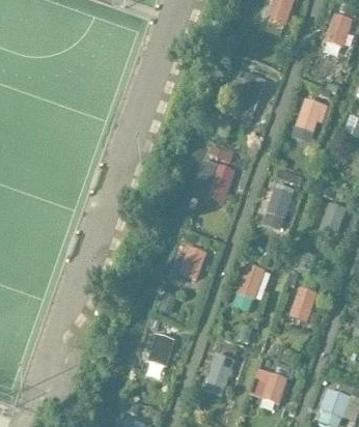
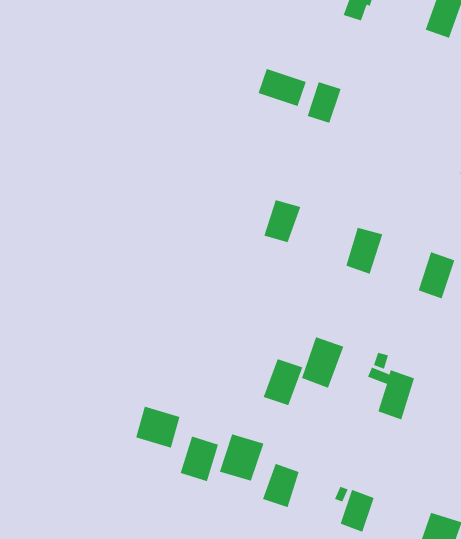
building: none -> [258,68,307,107]
building: [294,96,328,133] -> none
building: [177,245,206,279] -> [263,358,303,406]
building: none -> [136,406,180,449]
building: none -> [219,434,264,482]

